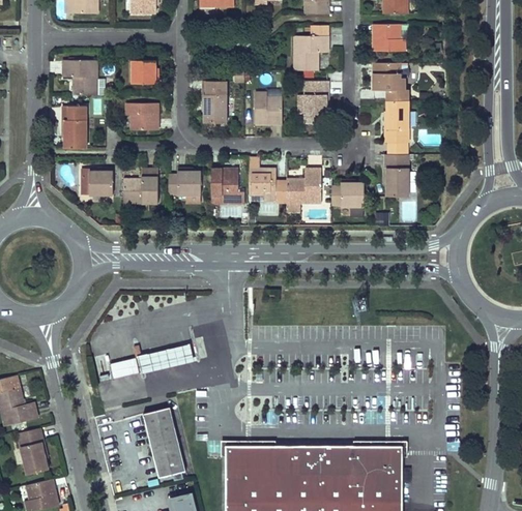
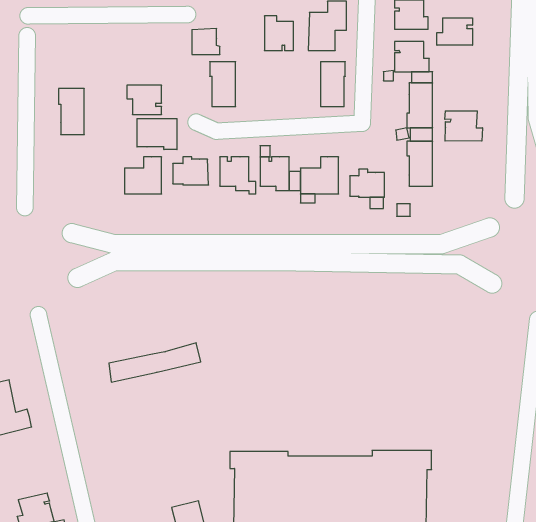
building: none -> [437,18,472,45]
building: [132,60,157,84] -> [192,29,220,54]
building: [62,61,96,95] -> none
building: [255,93,282,125] -> [264,16,293,51]
building: none -> [445,111,482,141]
building: none -> [137,119,177,150]
building: [81,170,113,196] -> none
building: [144,404,185,474] -> none
building: [17,428,48,475] -> none

